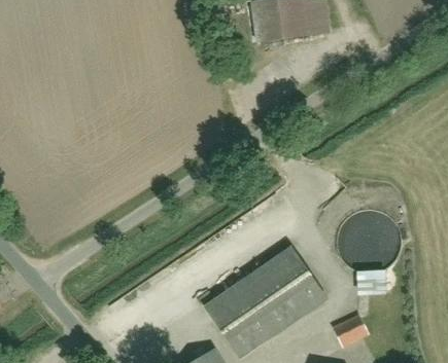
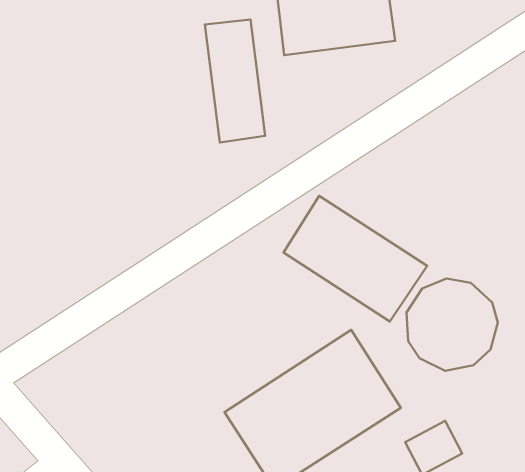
building: none -> [205,19,265,142]
building: none -> [283,196,427,321]

